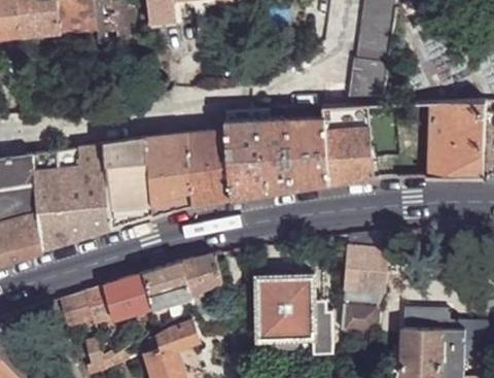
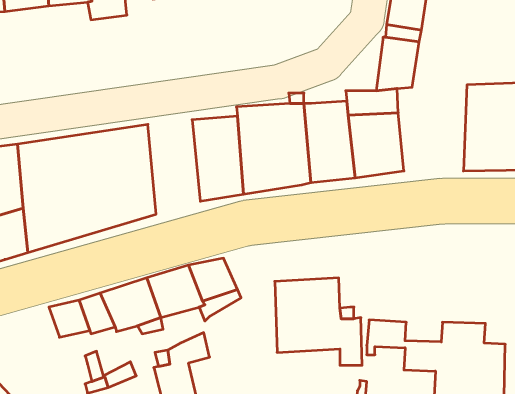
building: [145,134,191,217] -> none
building: [342,250,384,294] -> none

